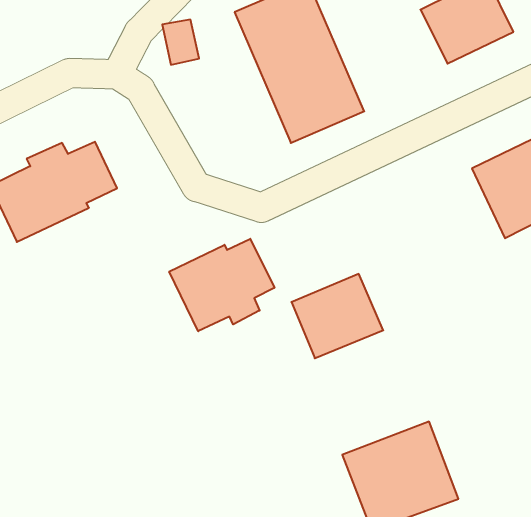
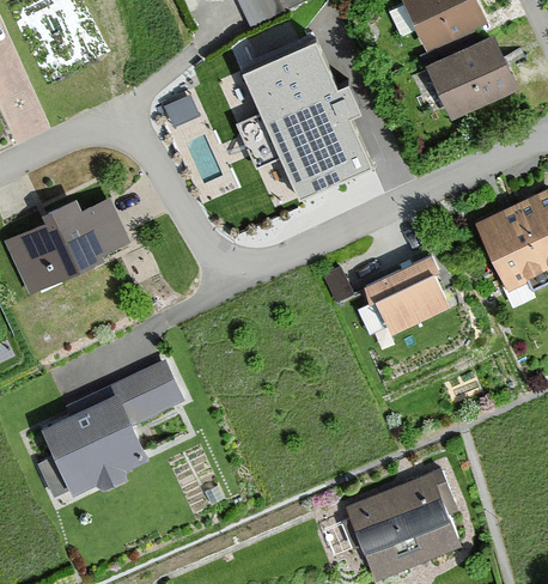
building: [169,239,274,331] -> none
building: [291,274,383,358] -> [363,256,452,339]
building: none -> [42,360,181,495]

